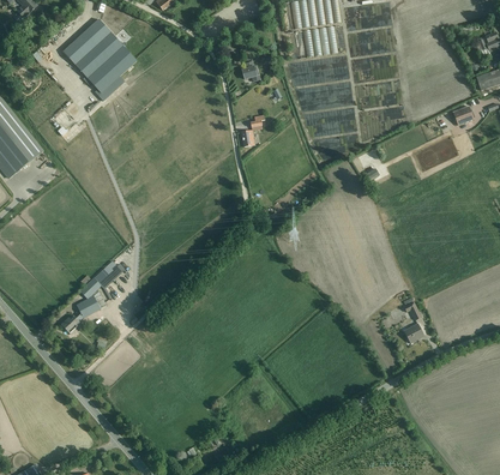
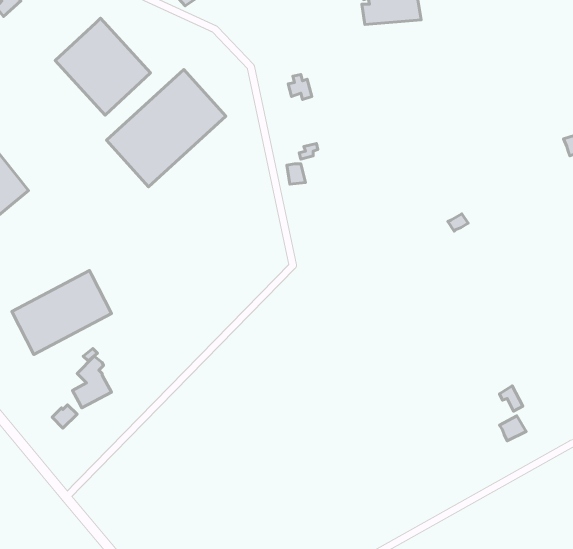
building: none -> [107,70,226,187]
building: none -> [12,270,112,355]

